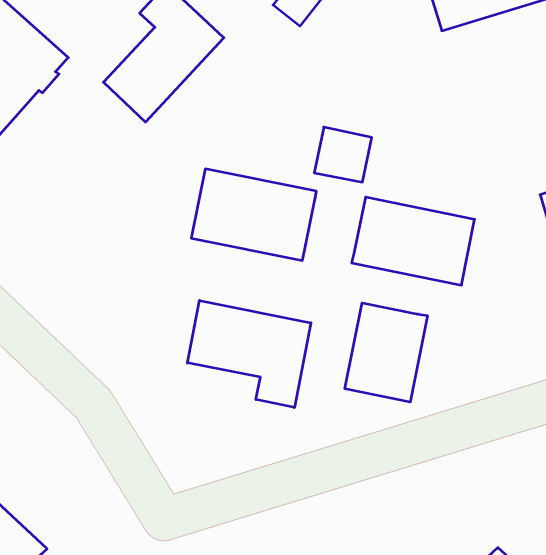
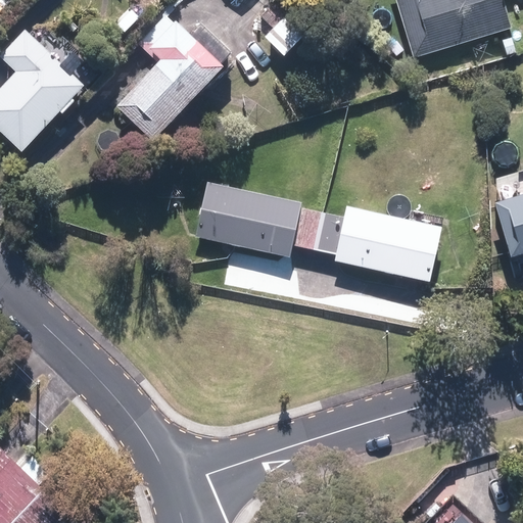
building: [314,127,372,182] -> [293,205,343,253]
building: [187,300,311,408] -> none
building: [345,303,427,402] -> none

